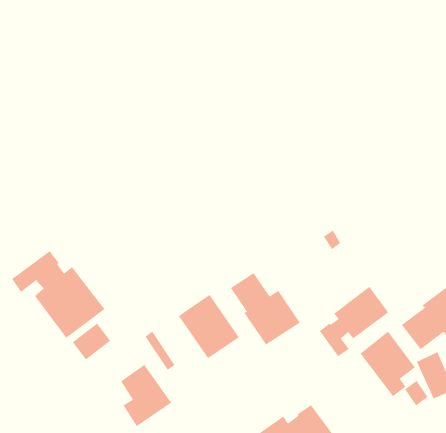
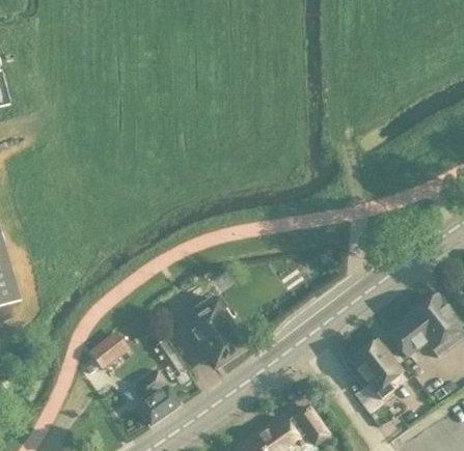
building: [11,250,106,339] -> none
building: [230,272,301,346] -> none
building: [319,286,389,357] -> none

